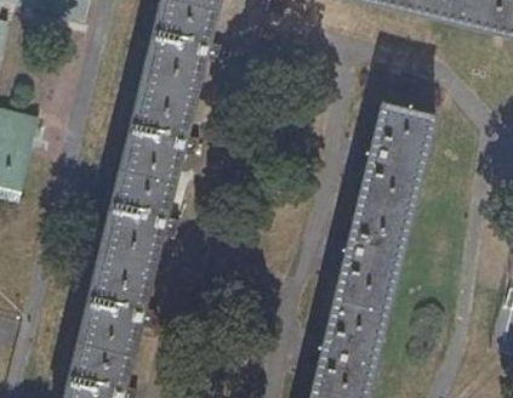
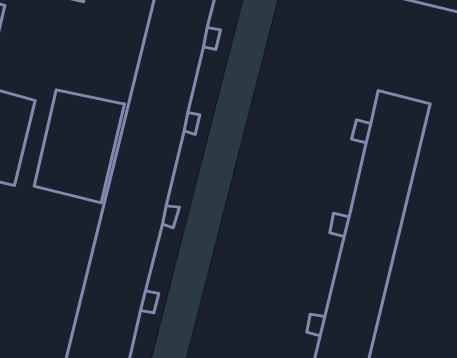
building: none -> [34,90,125,203]

